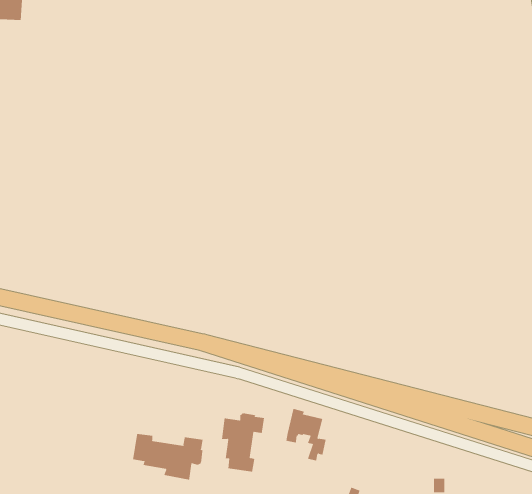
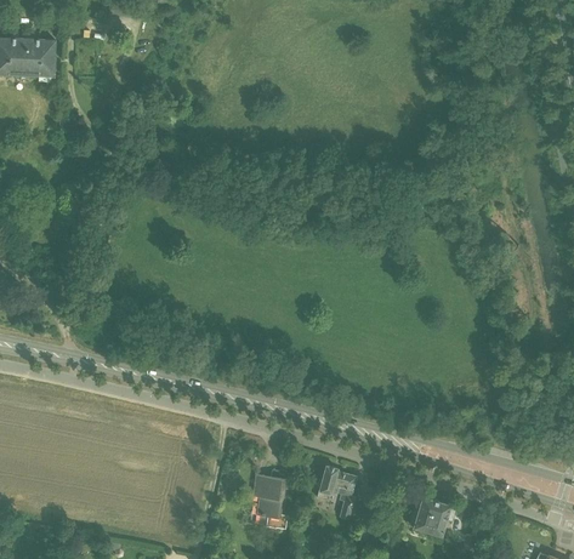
building: [133,433,203,481] -> none
building: none -> [413,496,455,535]

